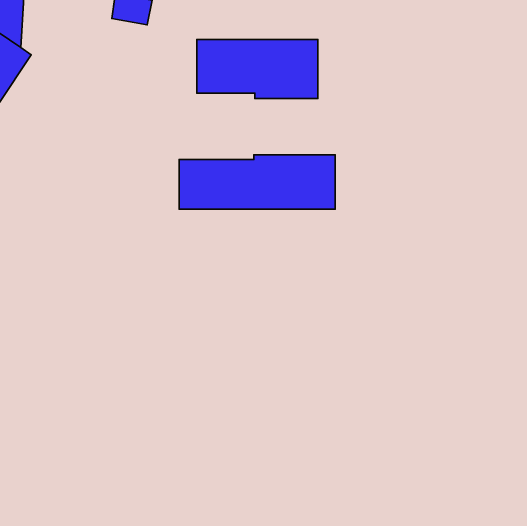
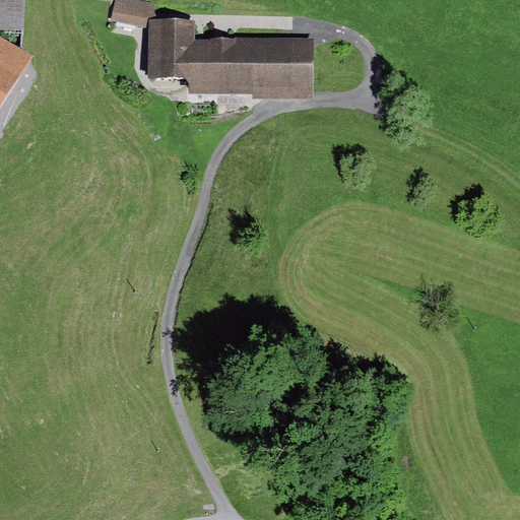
building: none -> [148,17,193,75]
building: [179,155,335,209] -> none

